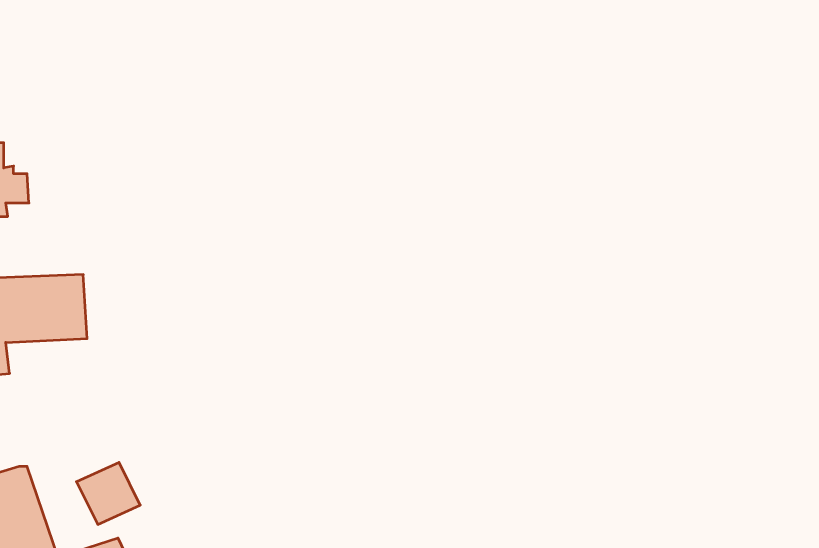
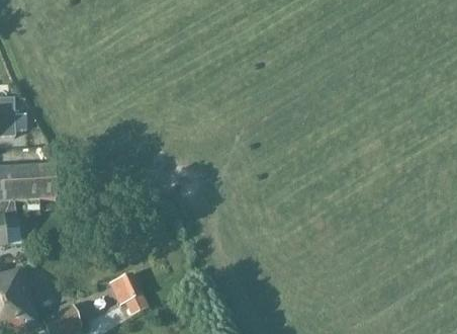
building: [76,462,140,524] -> [108,273,142,306]

